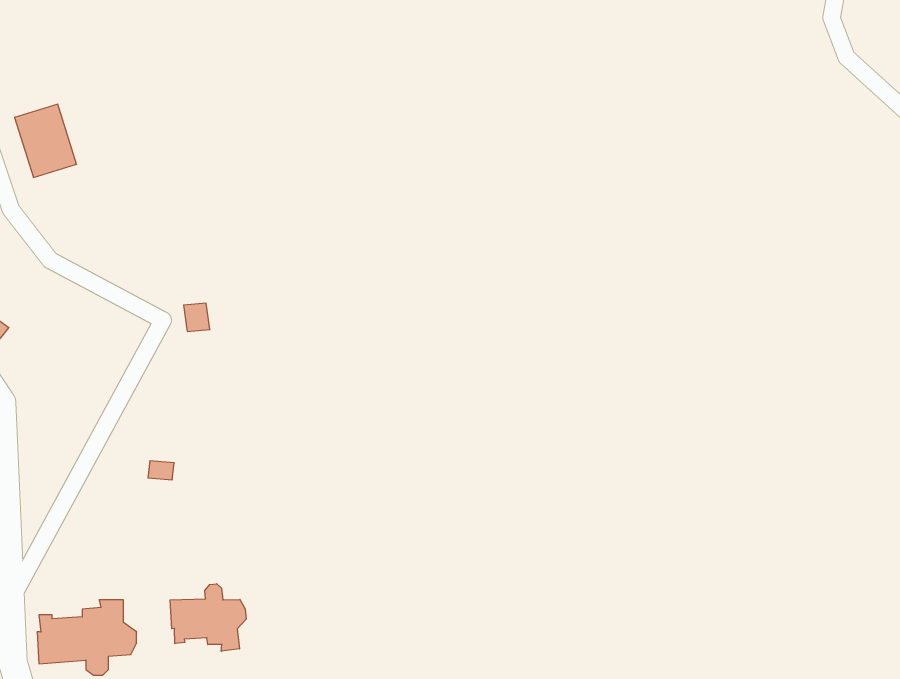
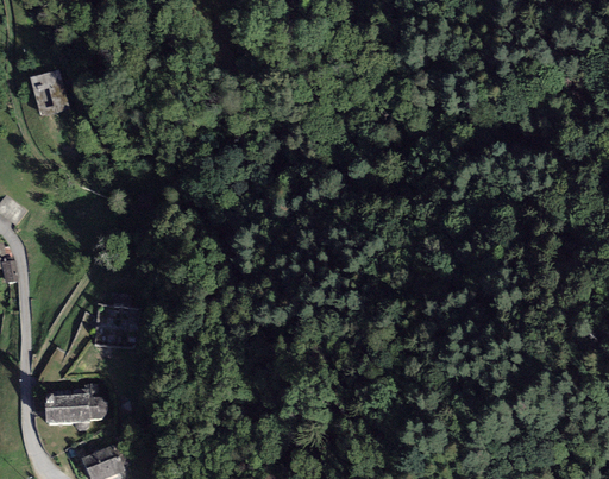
building: [170,584,246,651] -> none

